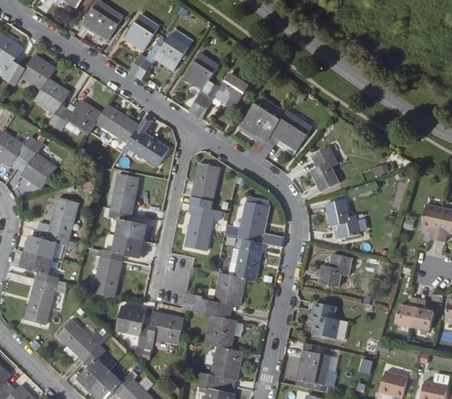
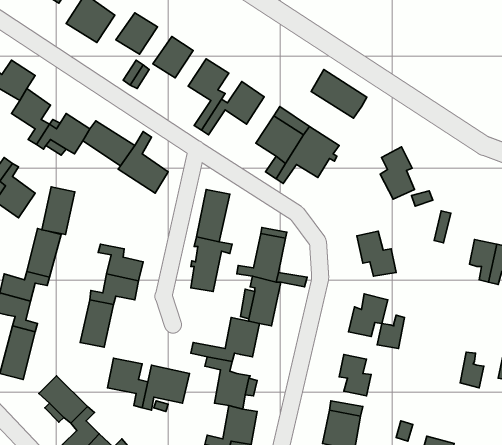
building: none -> [311,69,367,118]
building: [310,146,339,190] -> [380,147,415,199]
building: [110,174,138,214] -> [42,187,75,234]
building: [395,299,418,327] -> [377,315,404,349]

